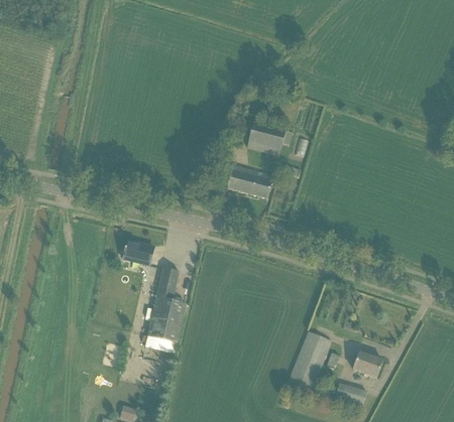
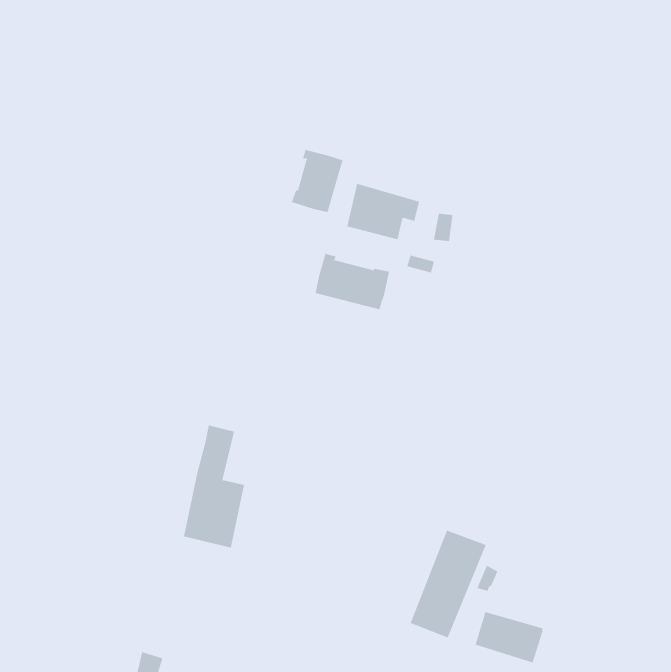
building: none -> [291,149,343,213]
building: [123,242,154,265] -> none
building: [353,350,383,377] -> none

